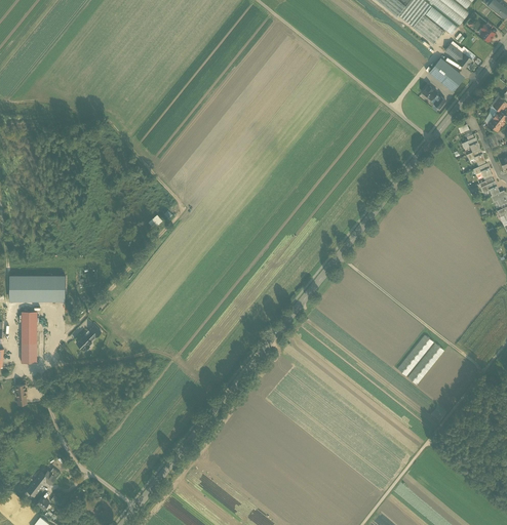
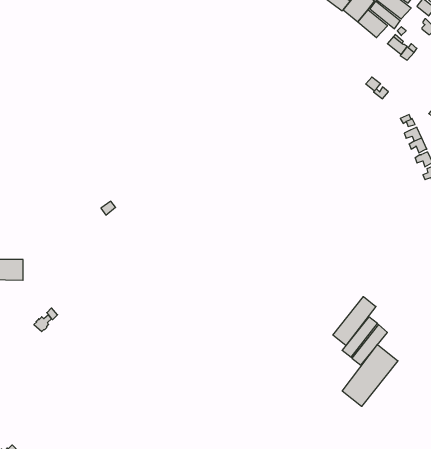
building: [429,58,464,92] -> none
building: none -> [333,297,376,345]
building: none -> [342,345,398,406]

